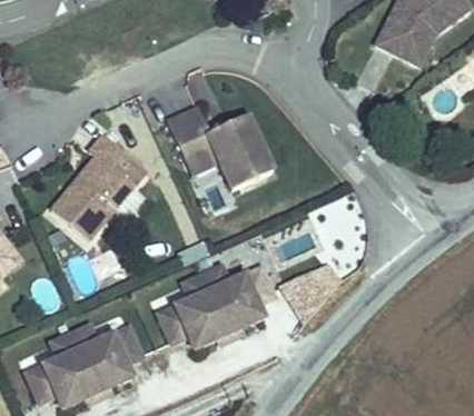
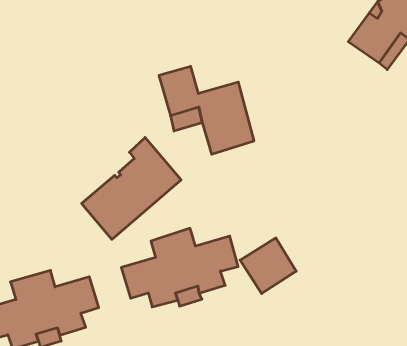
building: [53,132,148,237] -> [82,137,181,239]

